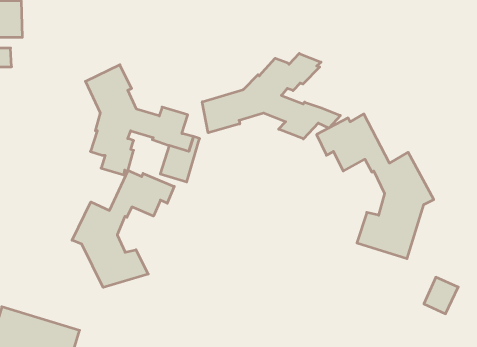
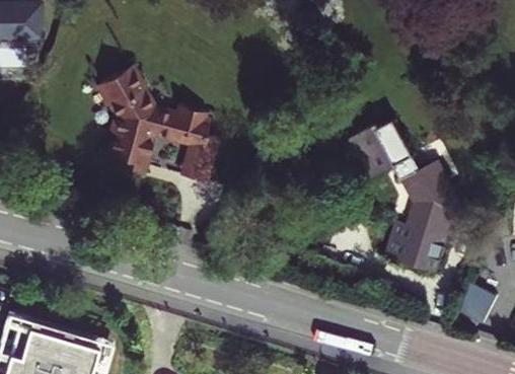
building: [202,53,340,139] -> none
building: [72,170,174,287] -> none

